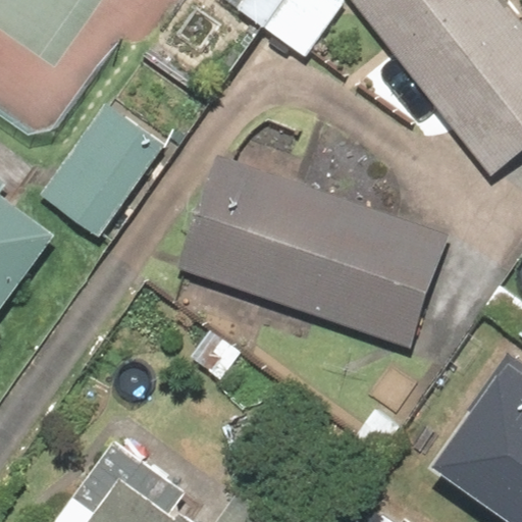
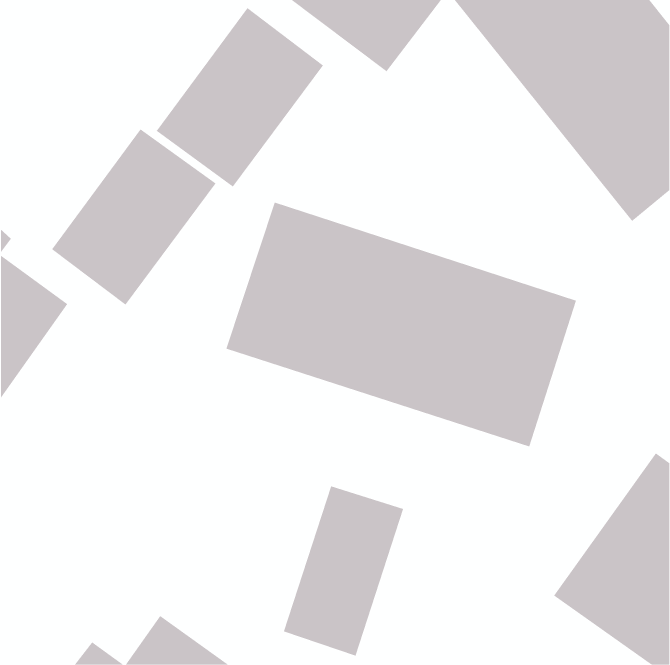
building: none -> [156,7,324,188]
building: none -> [283,486,404,657]

